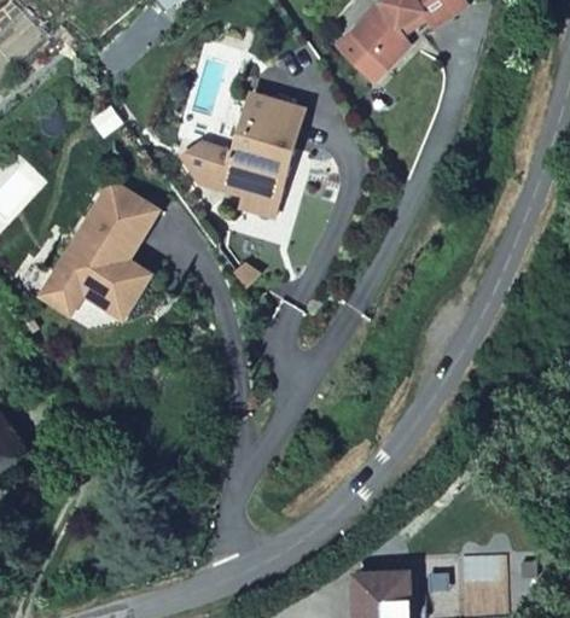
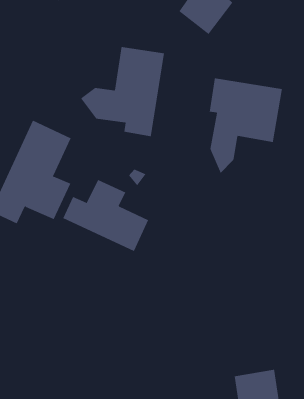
building: none -> [209,77,283,174]
building: none -> [63,179,149,252]

